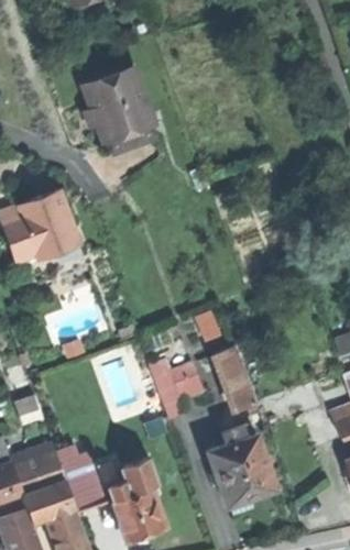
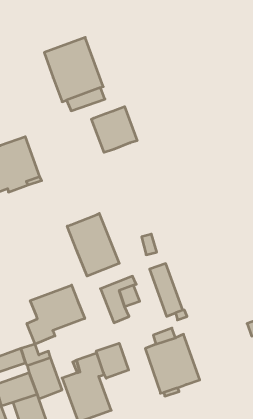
building: none -> [91,107,137,152]
building: none -> [67,213,119,276]
building: none -> [27,285,85,344]
building: none -> [96,343,129,378]

